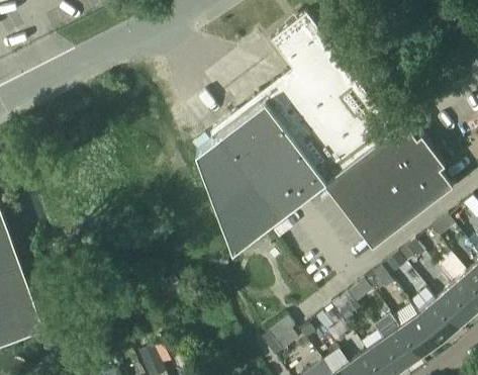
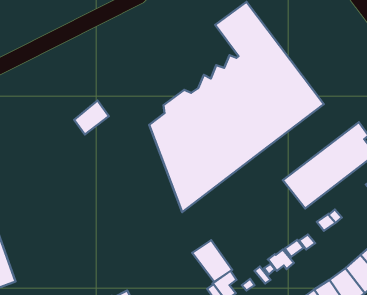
building: [322,121,433,215] -> none
building: none -> [74,101,109,135]
building: none -> [192,240,232,282]

